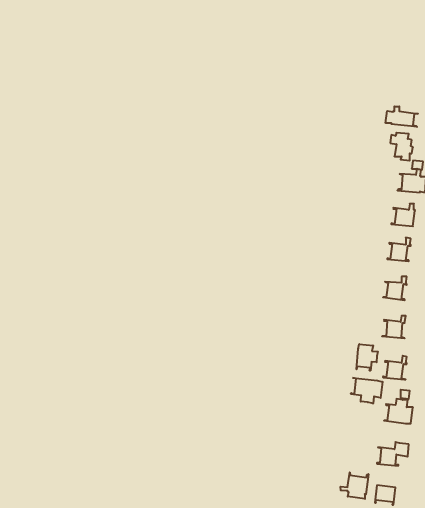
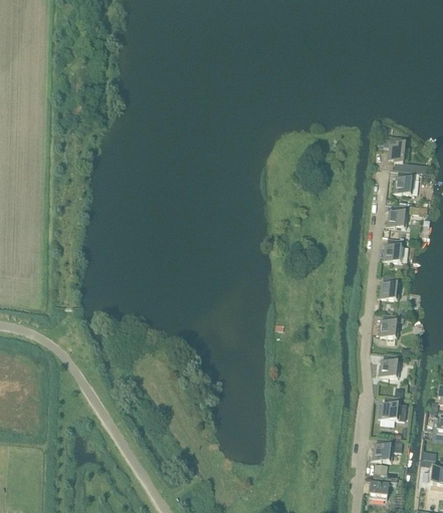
building: [386,106,418,127] -> none
building: [357,344,378,371] -> none
building: [351,378,383,404] -> none
building: [341,472,368,499] -> none

